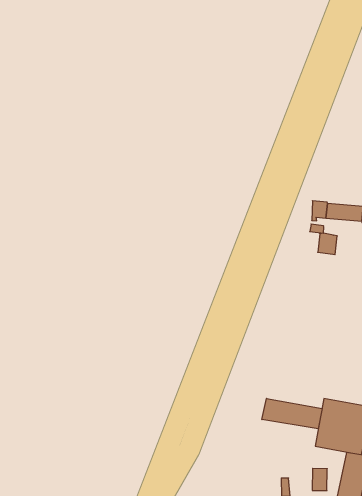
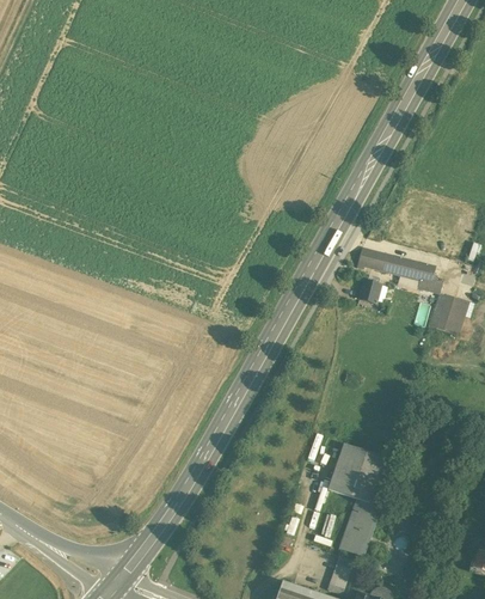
building: [262,398,322,429] -> none

